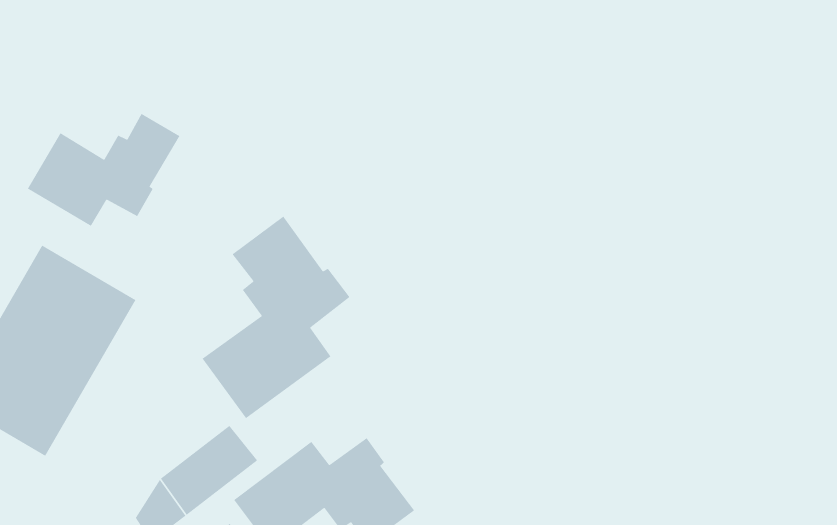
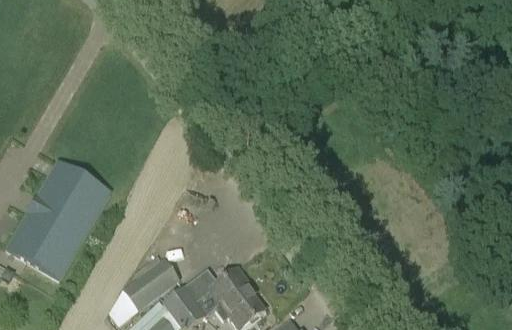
building: [27,113,180,227] -> none
building: [201,216,351,419] -> none

